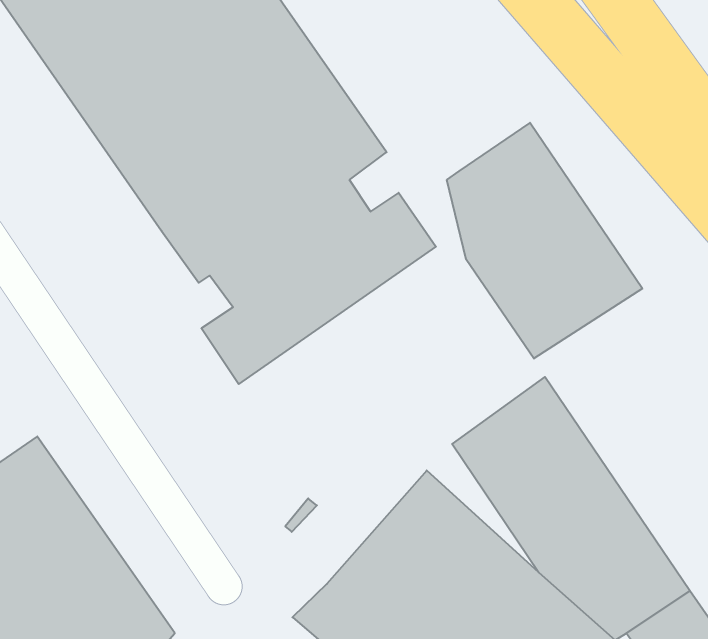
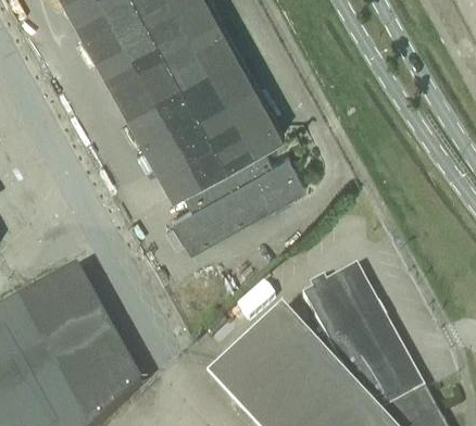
building: [447,123,642,359] -> none

